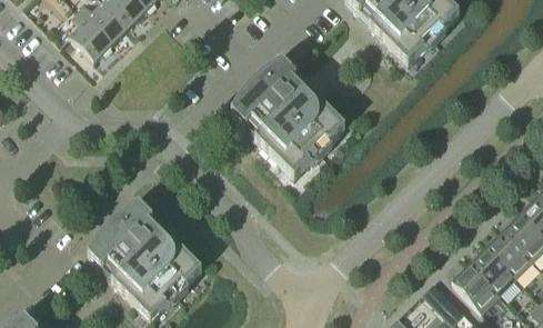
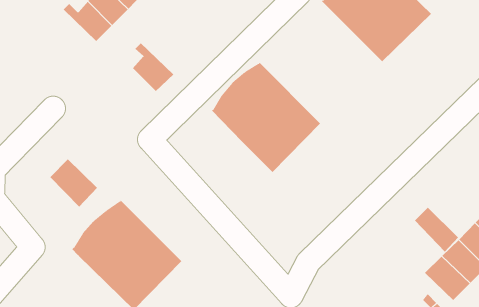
building: [70,10,113,61] -> [132,42,174,92]
building: none -> [49,158,98,208]
building: none -> [414,207,459,252]

